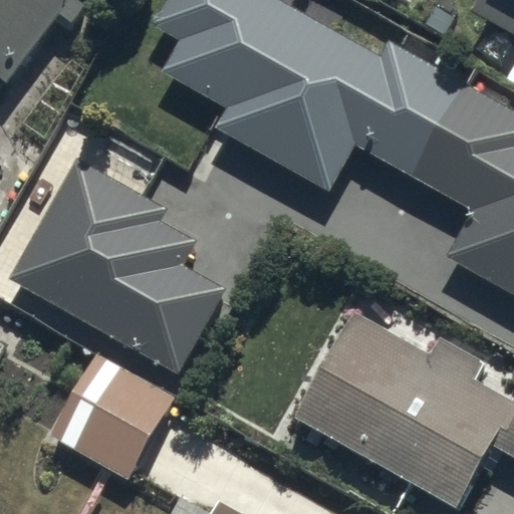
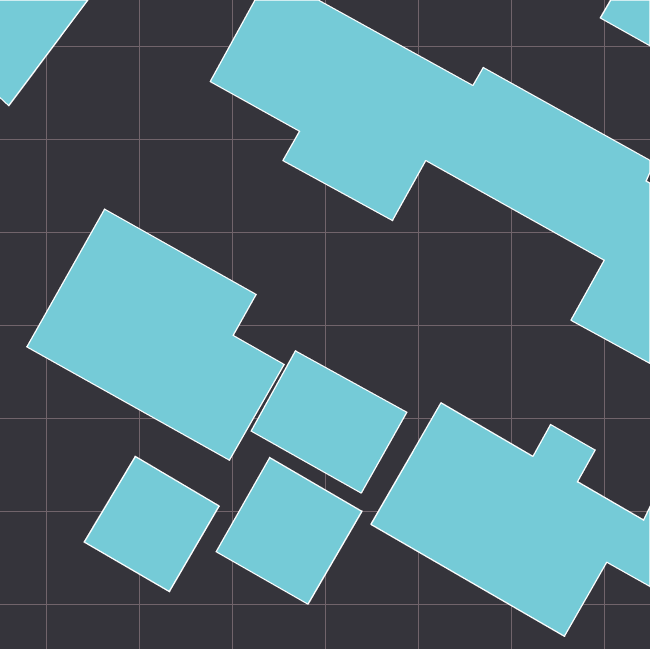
building: none -> [251,351,407,493]
building: none -> [216,457,362,604]

